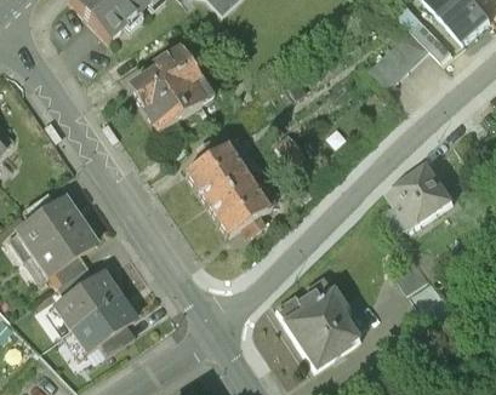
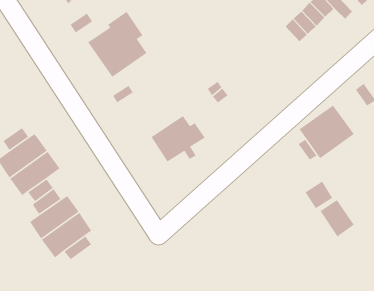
building: [184,139,245,202] -> none
building: [272,276,359,368] -> none

